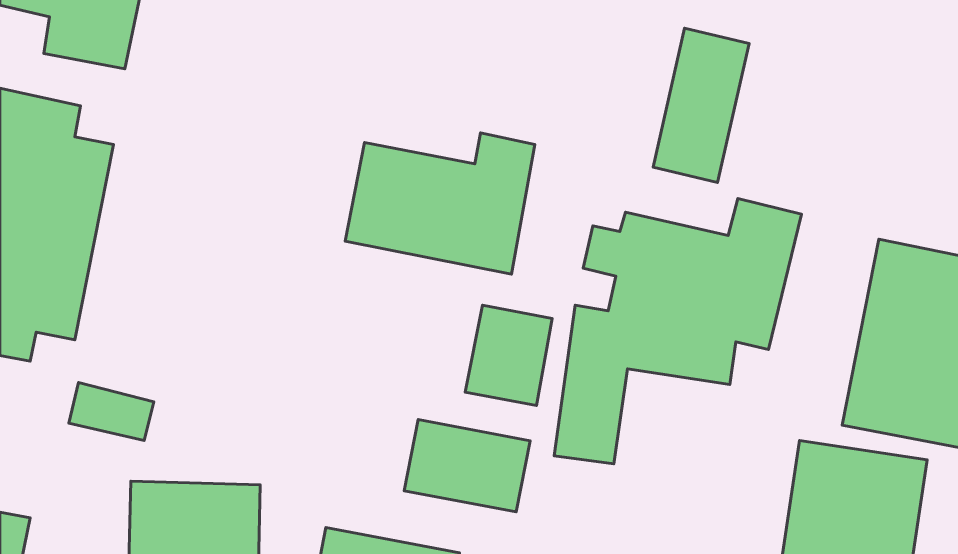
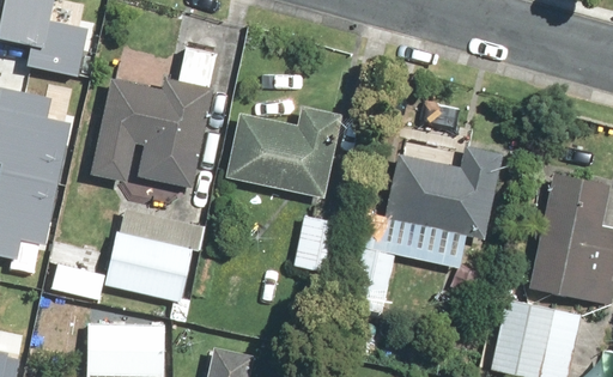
building: [653,28,749,182] -> none
building: none -> [90,48,217,186]
building: none -> [108,212,207,300]
building: [404,420,530,512] -> none

